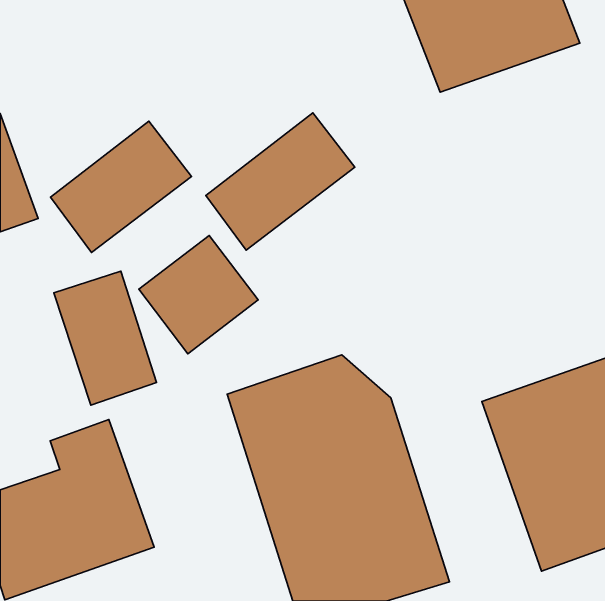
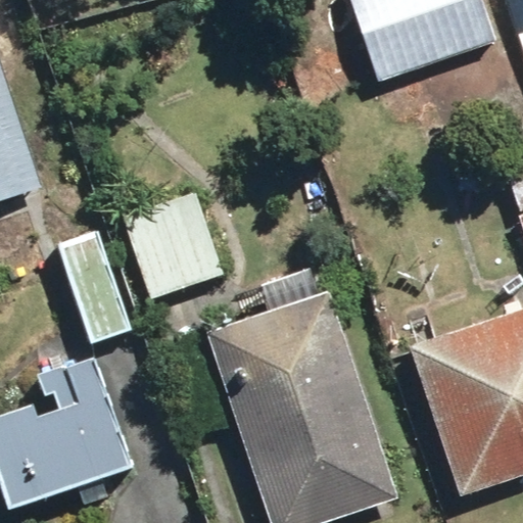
building: [206,113,355,250] -> none
building: [50,121,191,253] -> none

